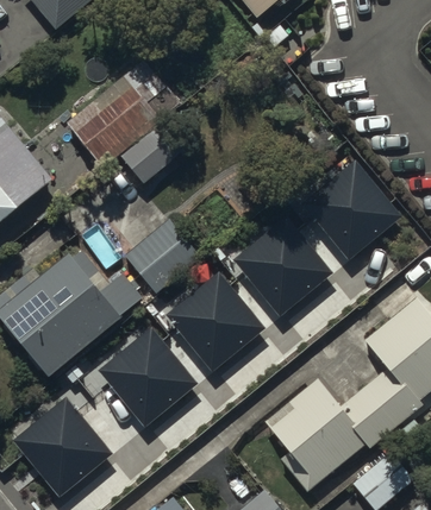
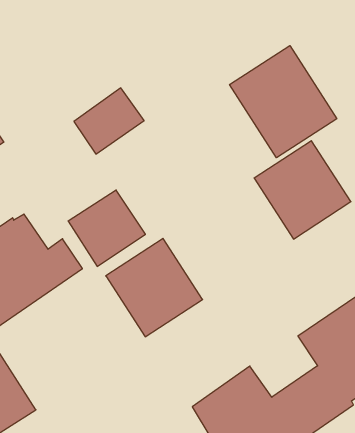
building: none -> [230,46,337,158]
building: [67,78,162,172] -> none
building: [235,210,332,308] -> none
building: [99,321,198,420] -> none

